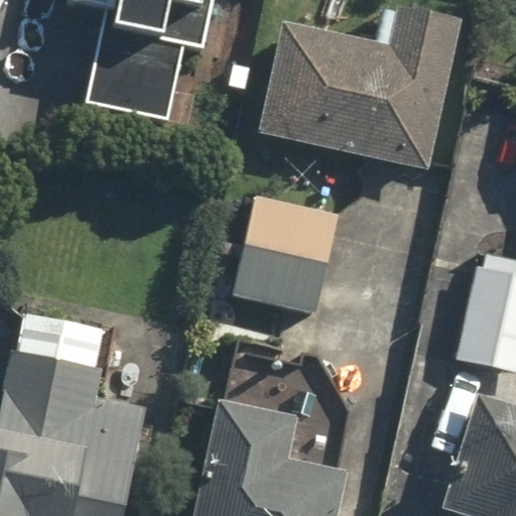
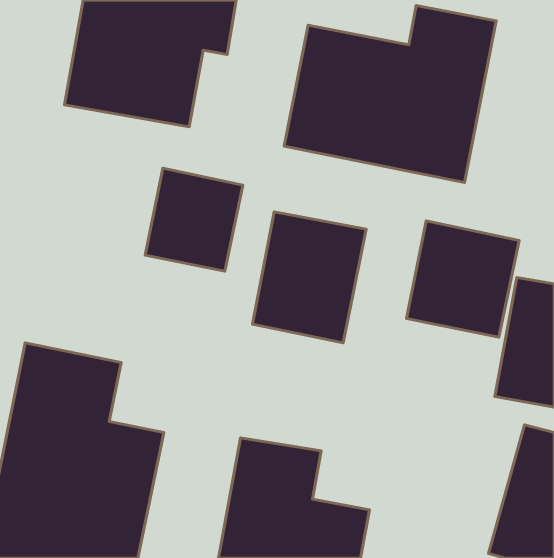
building: none -> [145,168,243,271]
building: none -> [406,221,519,337]

